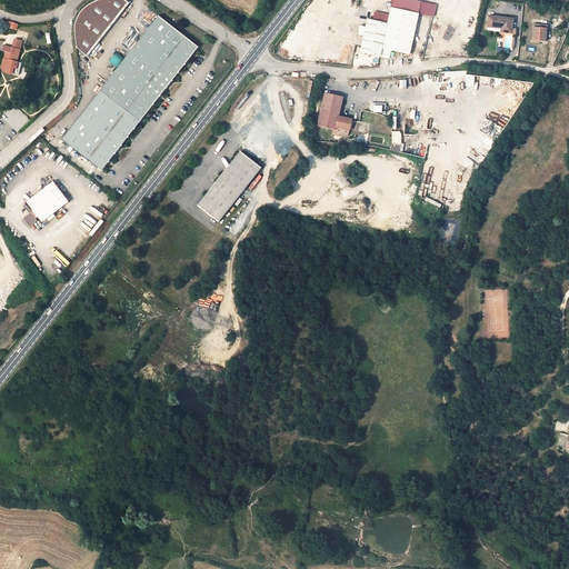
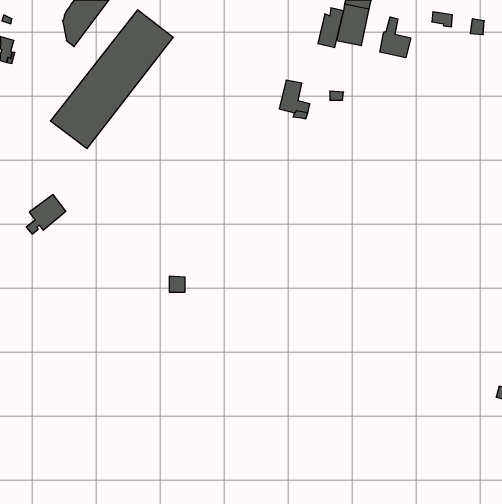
building: none -> [380,17,411,58]
building: [197,151,260,221] -> none
building: [23,181,68,226] -> [26,194,66,234]

